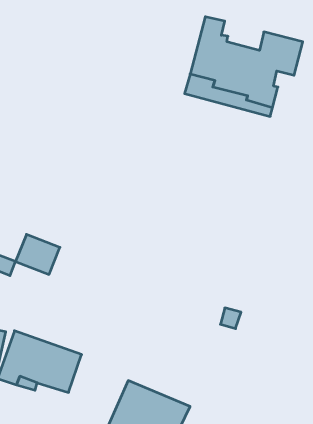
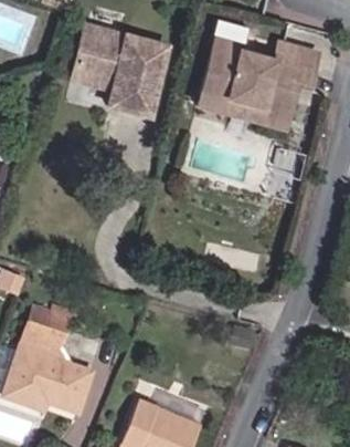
building: none -> [72,27,168,112]
building: [16,234,60,274] -> [26,303,72,344]

